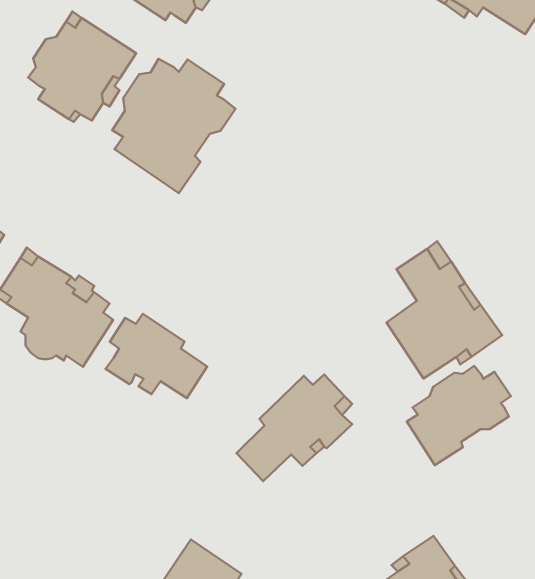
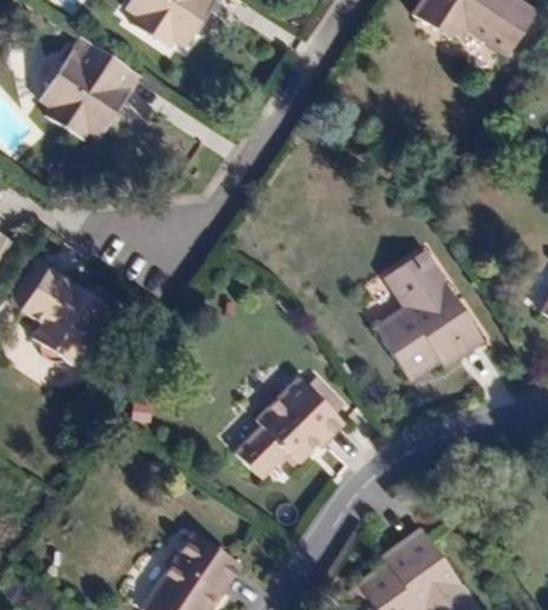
building: [112,59,236,193] -> none
building: [106,314,207,398] -> none
building: [407,366,511,465] -> none

